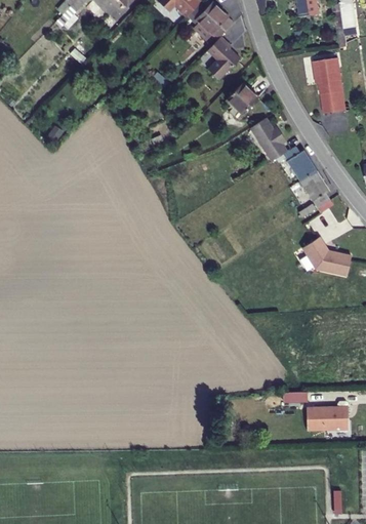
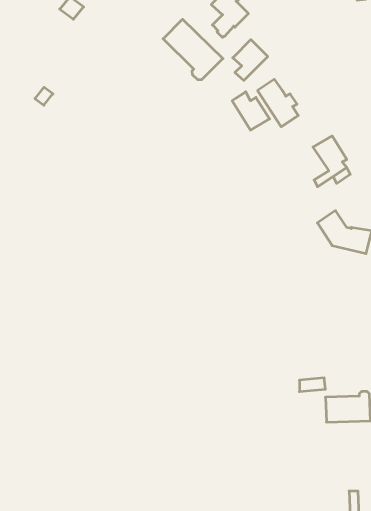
building: [313,57,347,113] -> none
building: none -> [163,19,223,80]
building: [283,146,317,180] -> [232,92,270,130]

